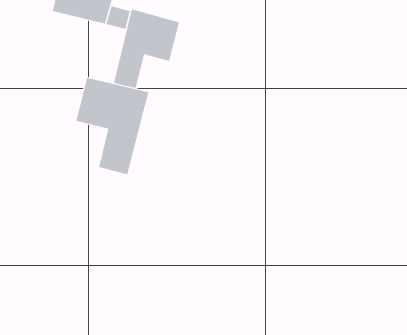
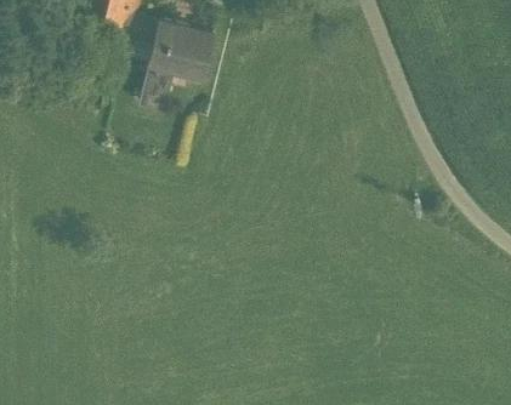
building: [76,77,148,175] -> none

